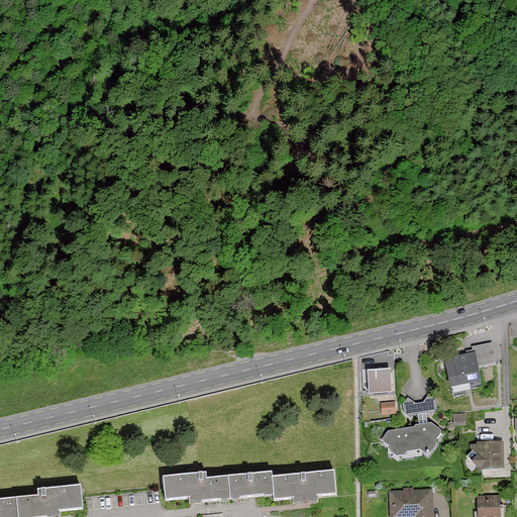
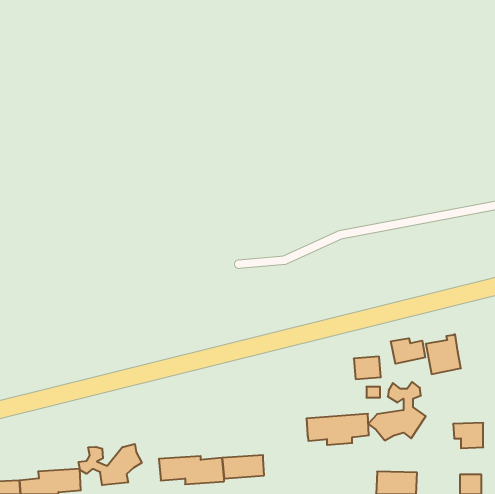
building: [469,339,494,365] -> none
building: none -> [391,338,425,364]
building: none -> [79,444,142,485]
building: [273,471,337,503] -> [306,414,369,445]

